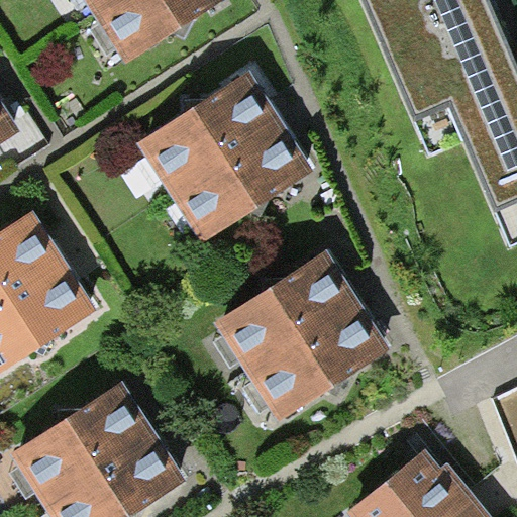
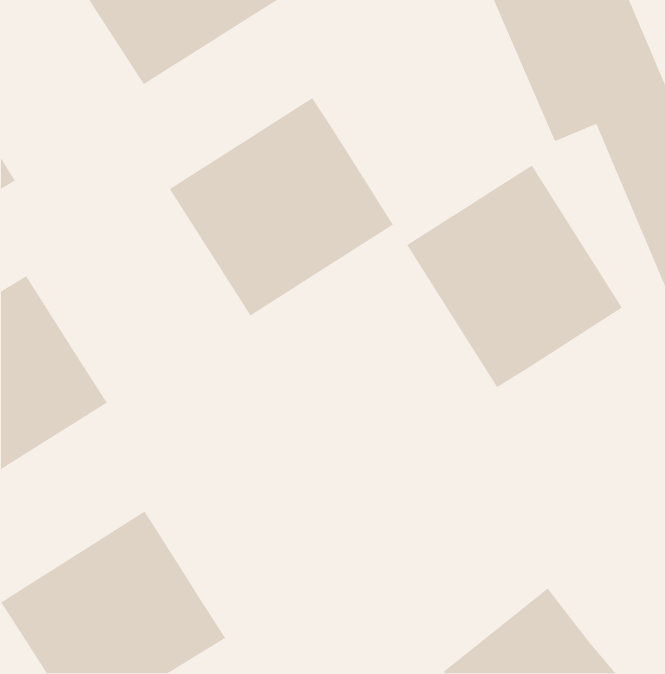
building: none -> [406,165,623,388]
building: [214,253,386,421] -> none

